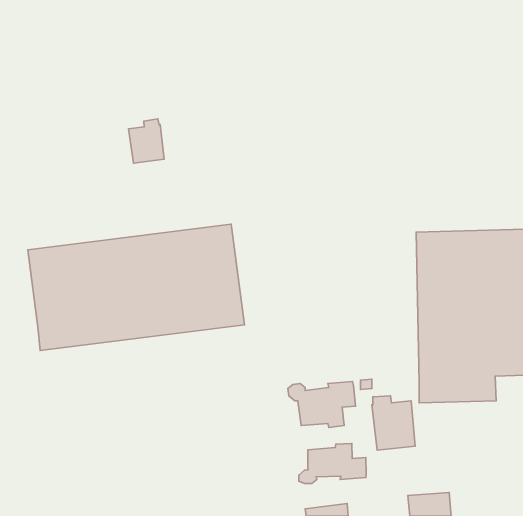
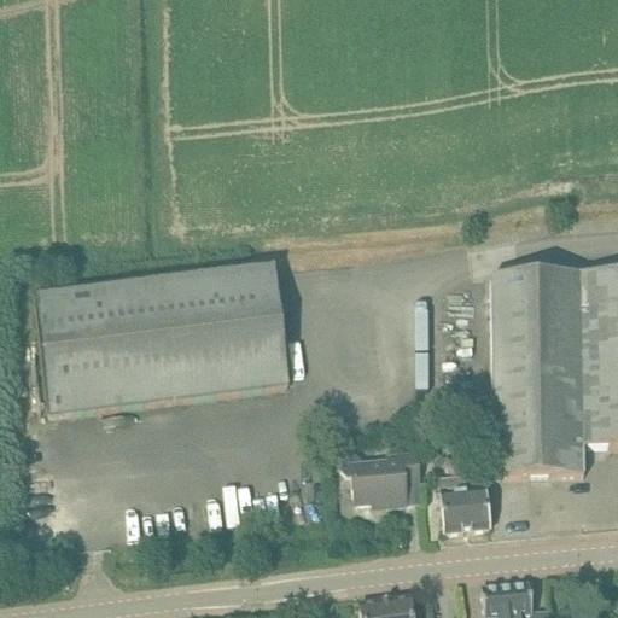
building: [129,119,164,163] -> none
building: [299,444,366,484] -> none

